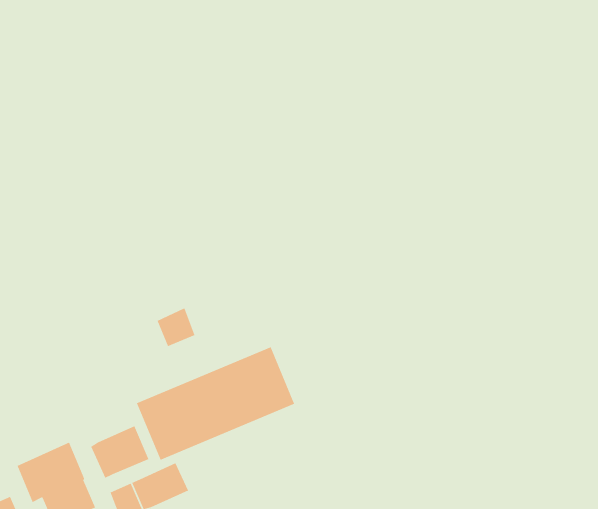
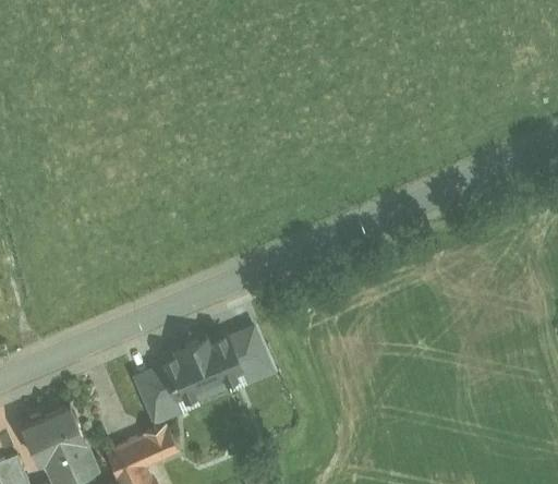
building: [157,308,195,347] -> none
building: [90,425,150,479] -> none

